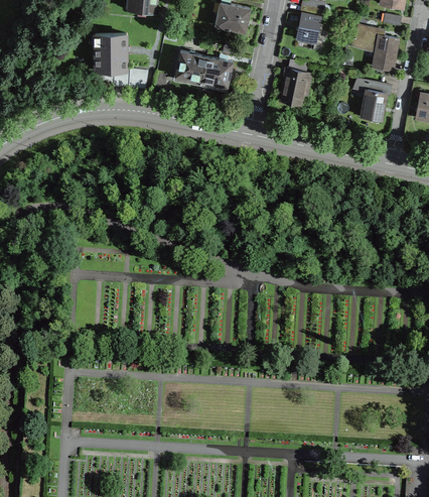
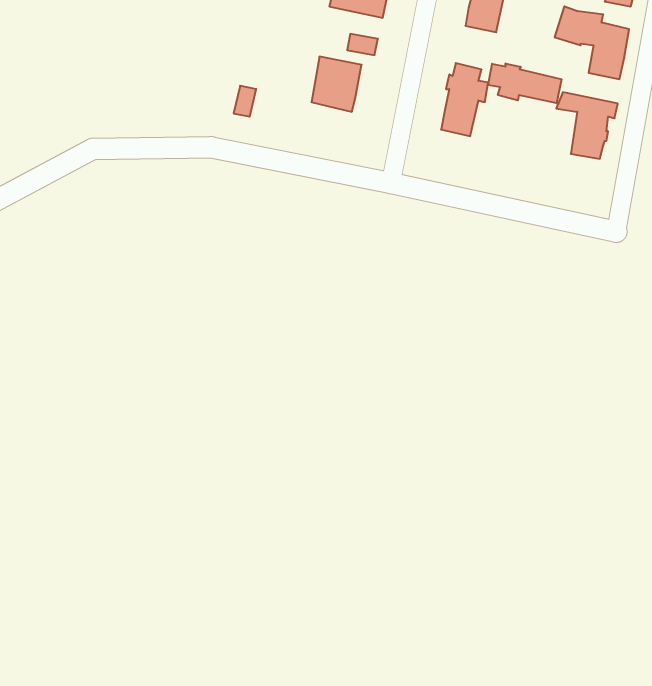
building: [95,34,148,89] -> none
building: [175,51,206,85] -> none
building: none -> [488,63,562,103]

